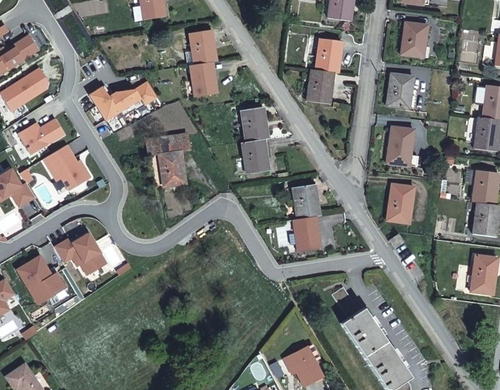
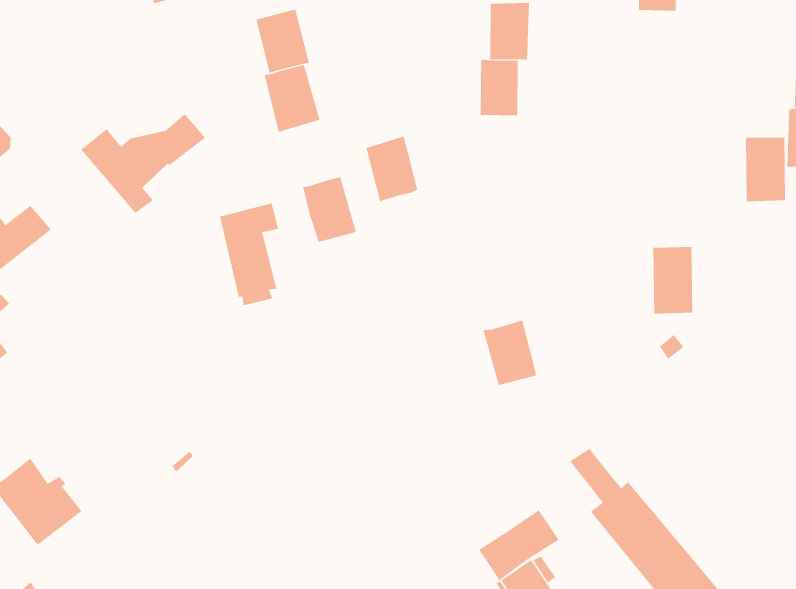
building: [387,72,412,106] -> none
building: [389,124,415,162] -> [745,137,786,202]
building: [244,137,271,172] -> [302,176,357,243]
building: [44,144,92,190] -> none
building: [296,183,322,217] -> none
building: [53,234,104,276] -> none
building: none -> [478,509,559,581]

